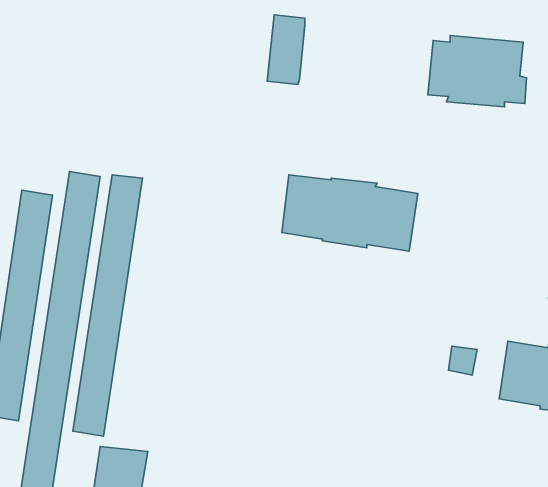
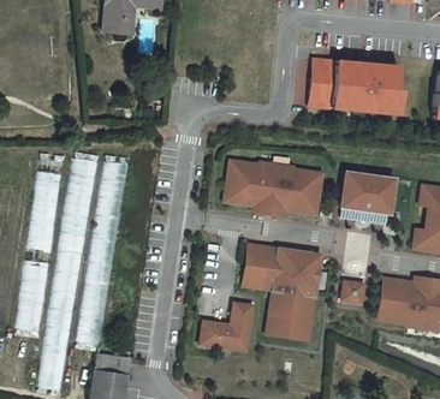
building: [267,15,305,84] -> [307,58,333,107]
building: none -> [341,172,393,225]
building: none -> [244,244,321,338]
building: none -> [201,302,254,350]

